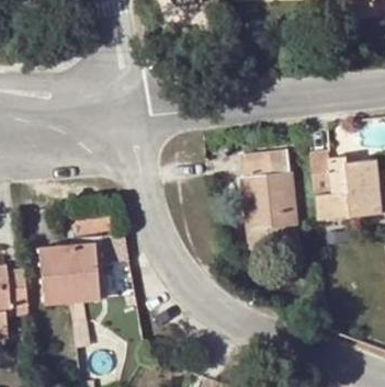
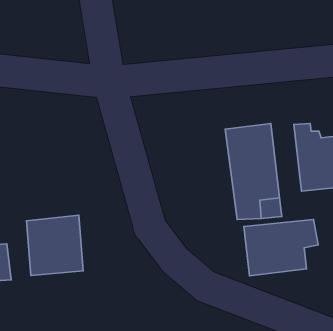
building: none -> [244,219,318,276]

